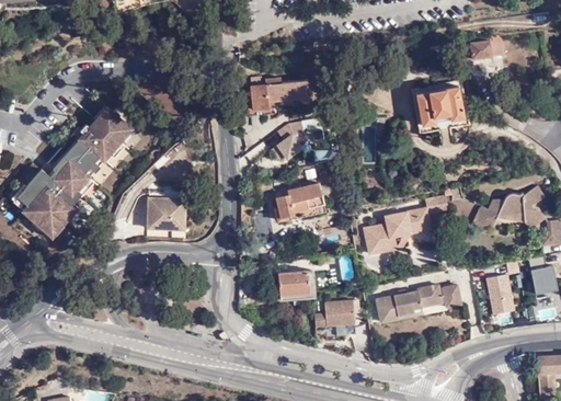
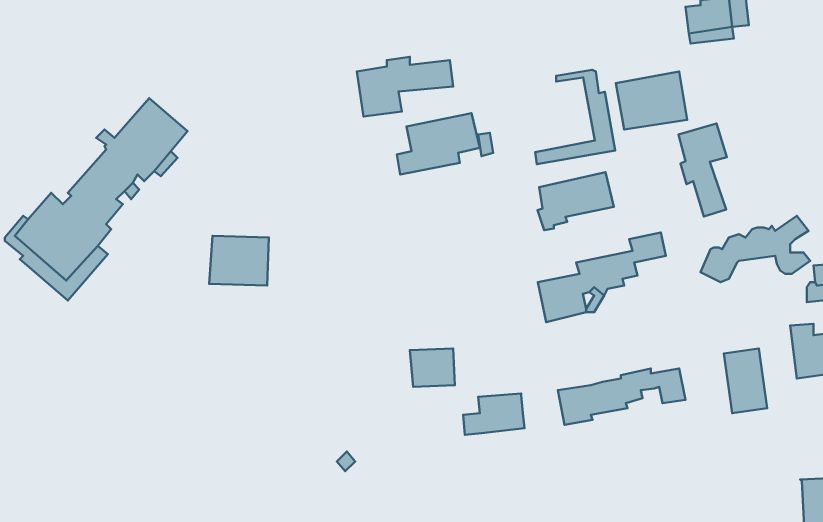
building: none -> [535,70,615,164]
building: none -> [678,124,727,216]
building: [272,183,322,221] -> [537,172,614,230]

